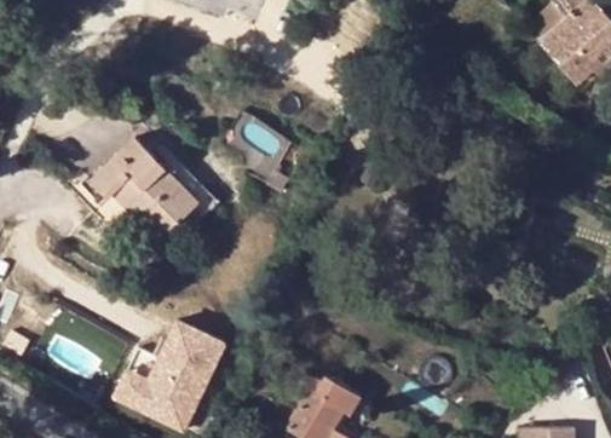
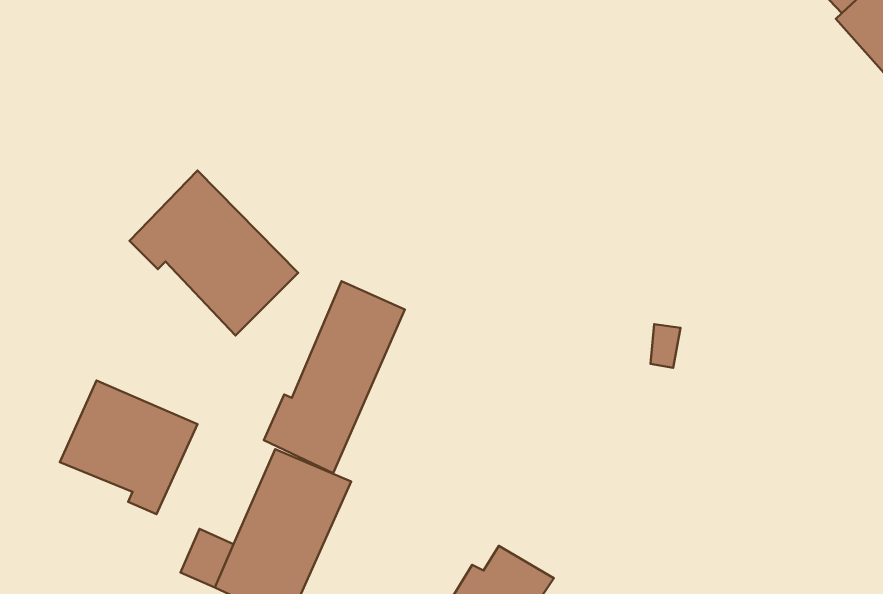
building: none -> [264,281,405,473]
building: none -> [60,381,198,514]

